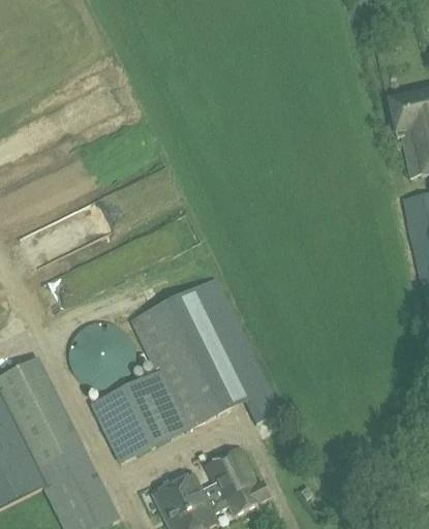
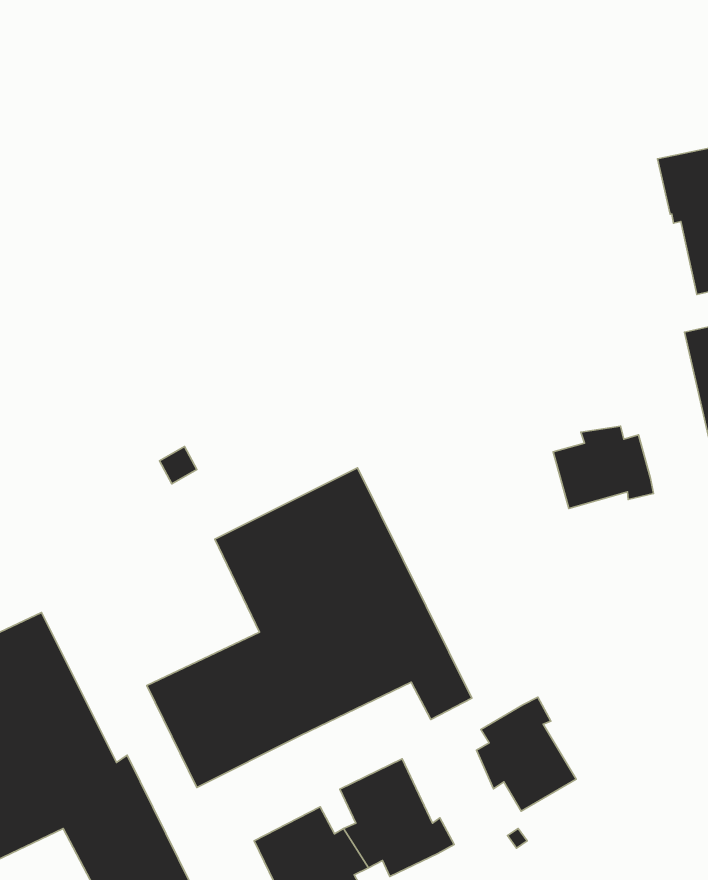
building: none -> [553,426,654,508]
building: [68,320,134,386] -> none
building: none -> [476,697,576,811]

